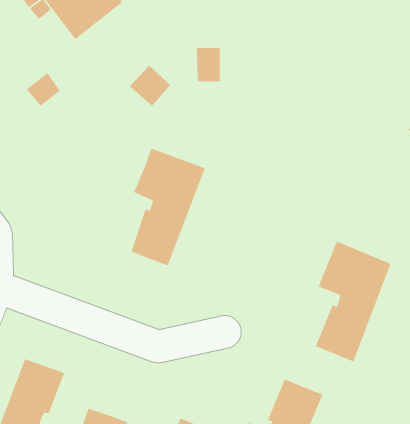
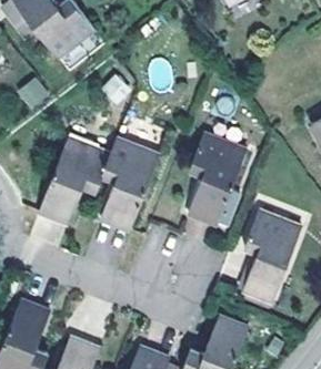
building: none -> [185,133,245,225]
building: none -> [38,139,110,224]

